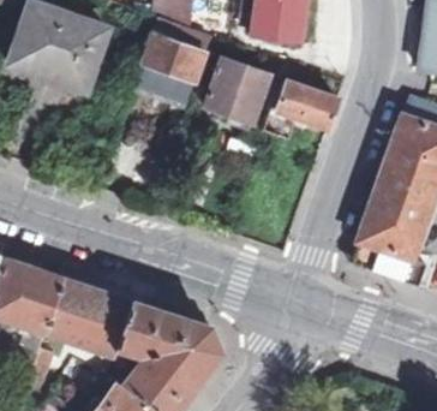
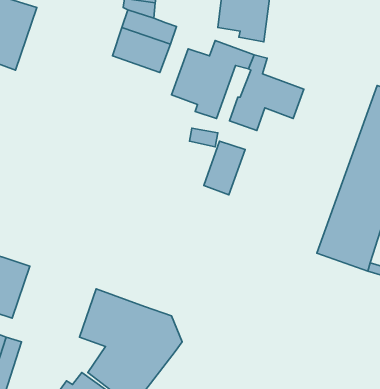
building: [47,16,107,93] -> none
building: [137,65,193,105] -> none
building: none -> [204,141,245,195]
building: [43,279,128,355] -> none

